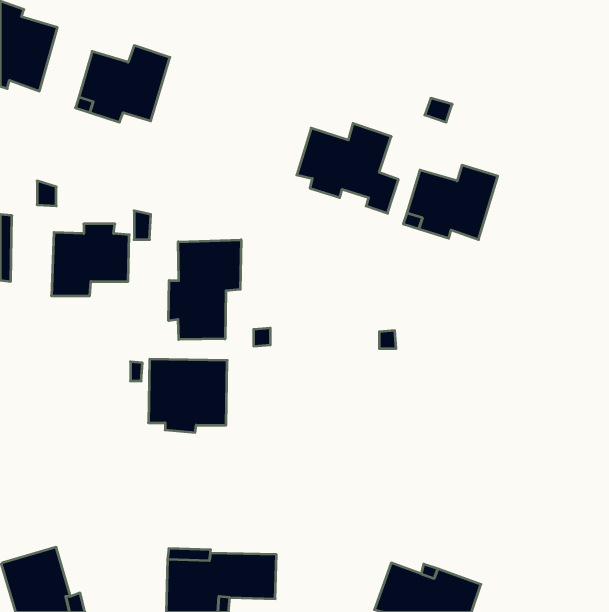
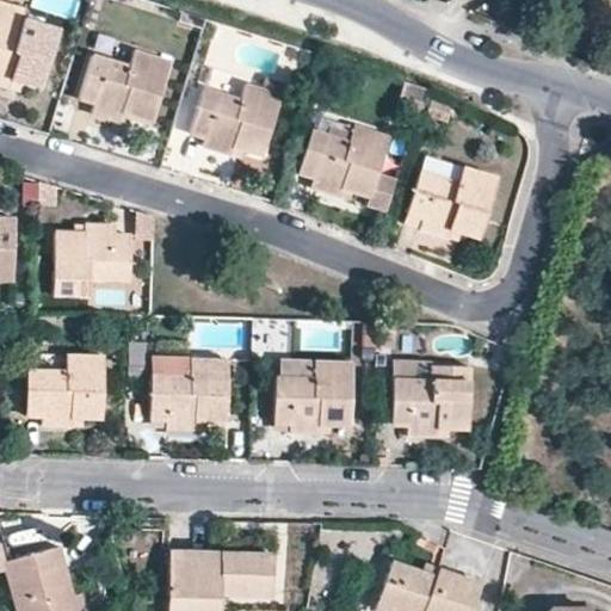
building: none -> [191,76,286,156]
building: [169,240,241,340] -> none
building: none -> [26,352,104,427]
building: none -> [274,359,352,434]
building: none -> [393,360,471,438]

